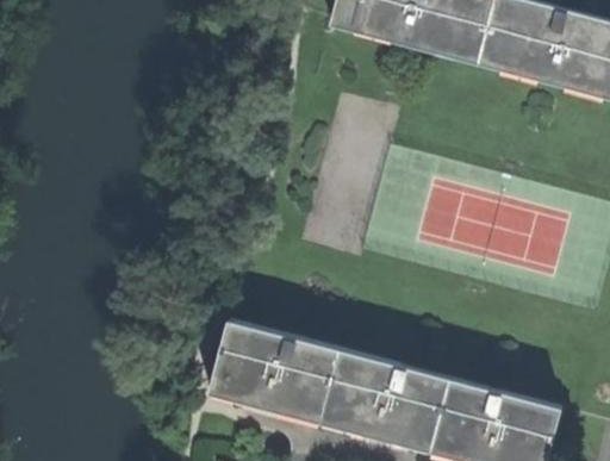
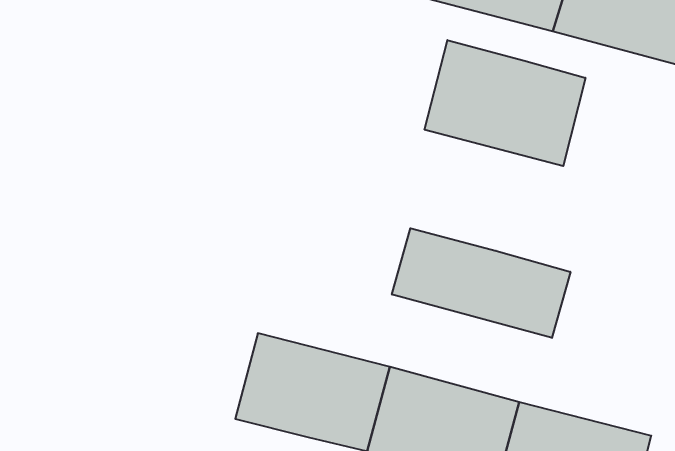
building: none -> [425,40,585,166]
building: none -> [392,228,570,338]

